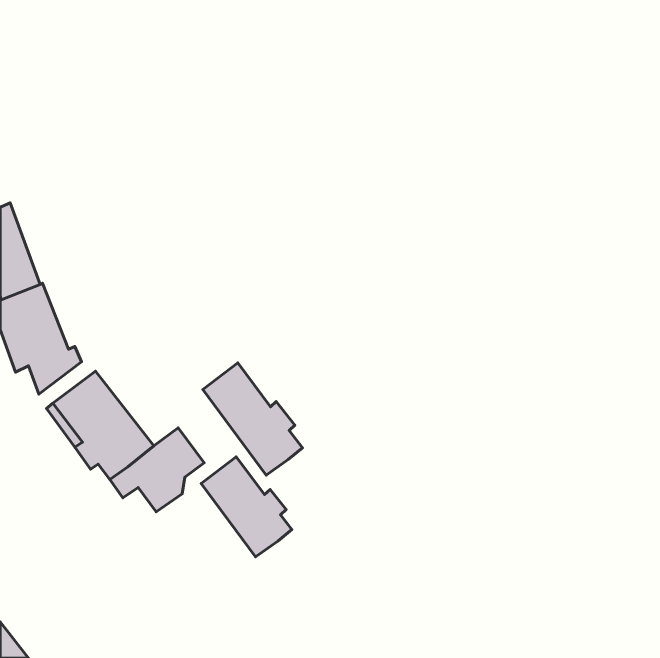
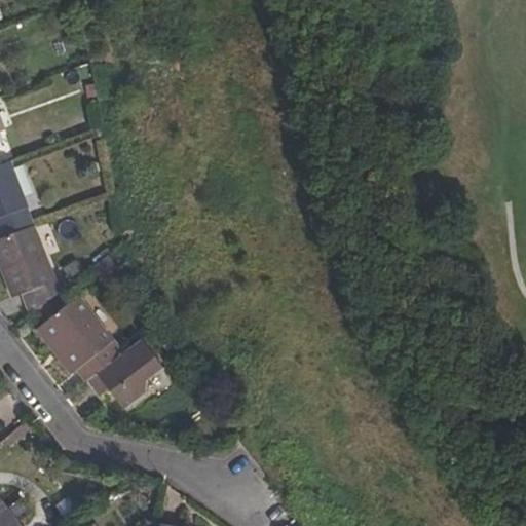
building: [203,363,302,475] -> none
building: [201,457,292,557] -> none

